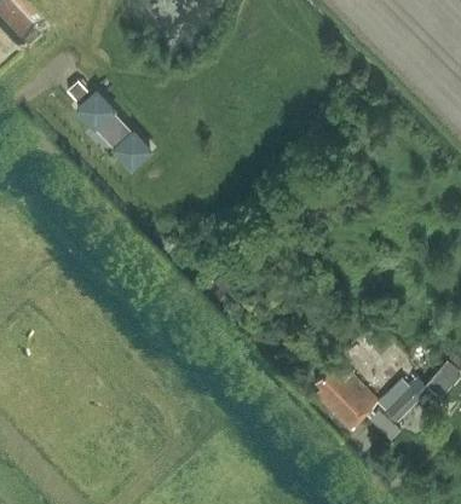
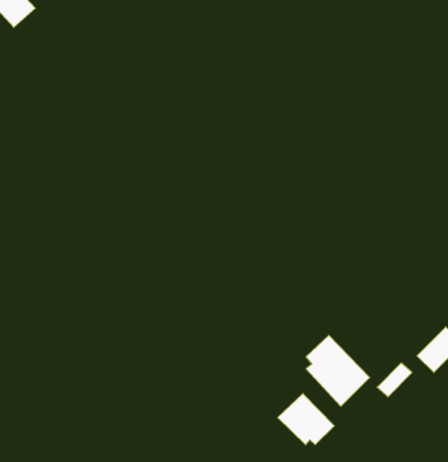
building: [76,91,149,167] -> none
building: none -> [278,393,334,445]

